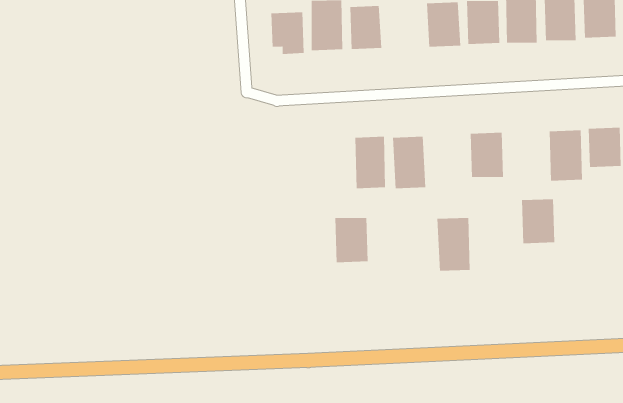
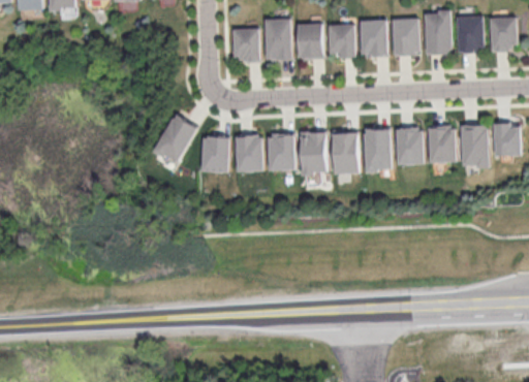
building: none -> [328,24,355,57]
building: none -> [154,114,197,163]
building: none -> [201,135,229,171]
building: none -> [236,135,263,171]
building: [521,199,555,244] -> [428,126,456,163]
building: [437,217,470,271] -> [364,127,392,171]
building: [335,218,368,263] -> [268,133,295,170]

